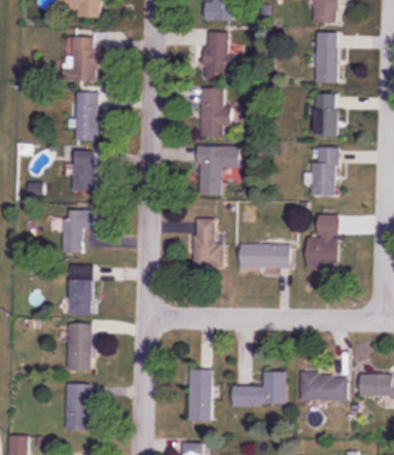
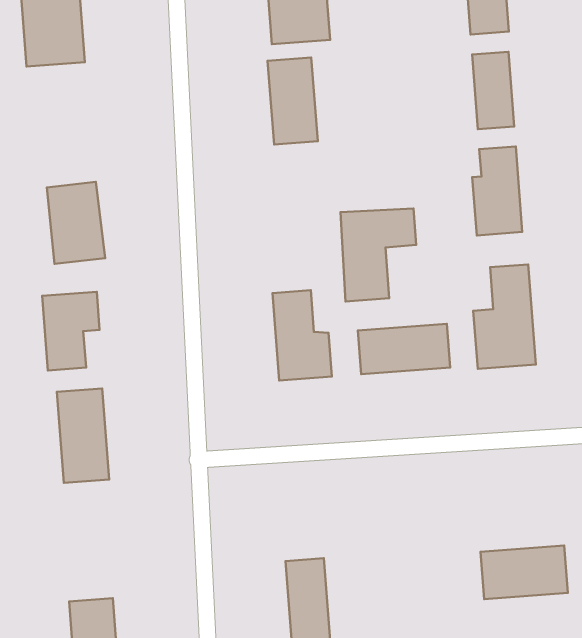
building: [76,91,99,140] -> none
building: [196,144,239,195] -> [341,209,416,302]
building: [68,323,92,371] -> none
building: [231,371,285,406] -> none

